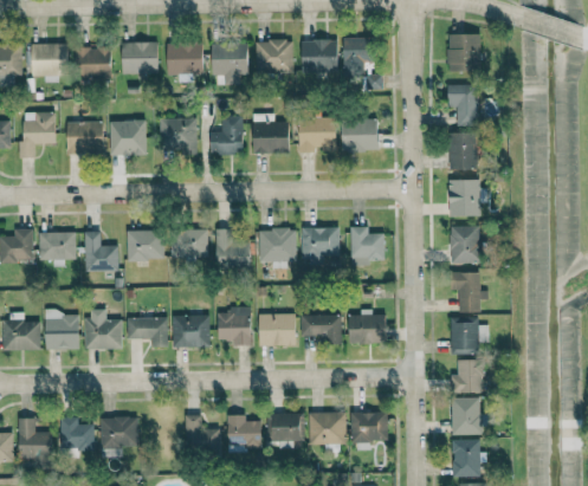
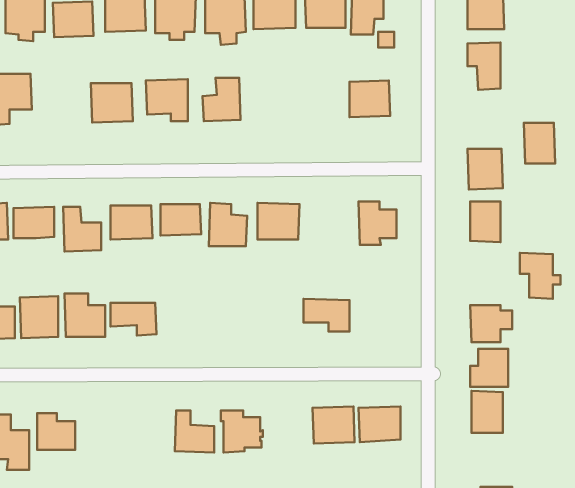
building: [253,114,290,154] -> none
building: [299,118,336,150] -> none
building: [66,122,104,154] -> none
building: [448,132,477,169] -> [524,123,555,164]
building: [302,227,340,258] -> none
building: [451,272,487,313] -> [520,253,561,299]
building: [218,306,252,346] -> none
building: [258,313,296,345] -> none
building: [349,313,387,344] -> none
building: [172,316,209,348] -> none
building: [272,413,304,441] -> none
building: [101,417,138,448] -> none
building: [453,440,480,478] -> none

